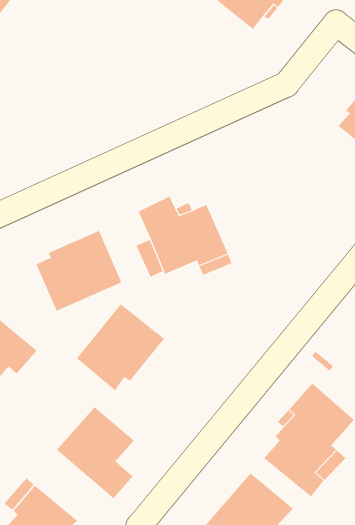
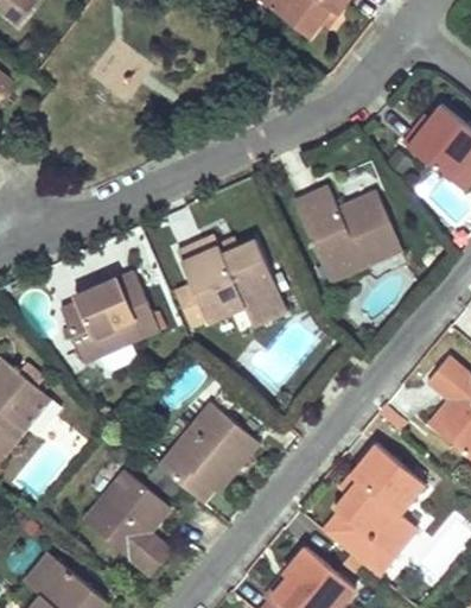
building: none -> [291,182,401,280]
building: [76,304,165,391] -> [159,404,261,505]

